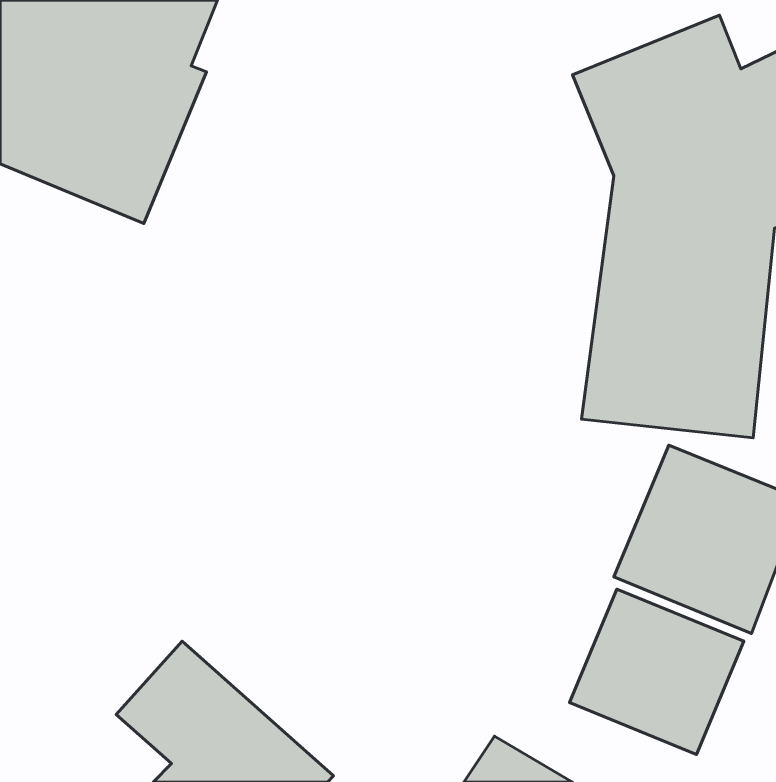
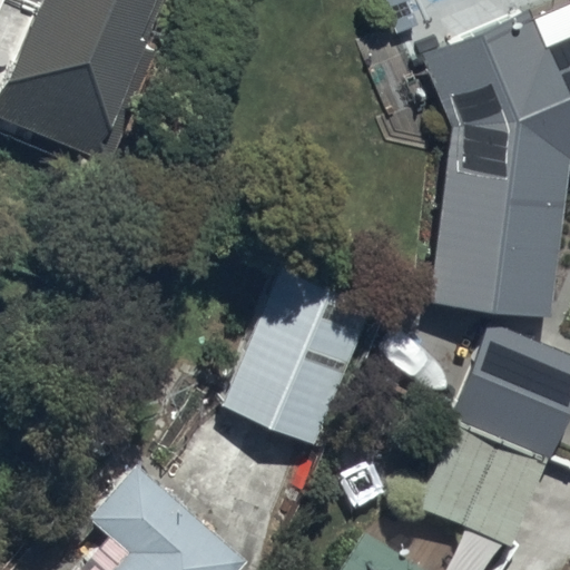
building: none -> [223,267,373,445]

